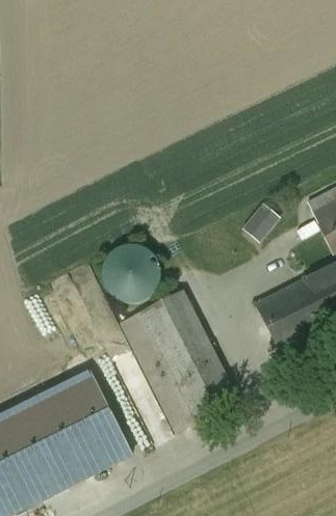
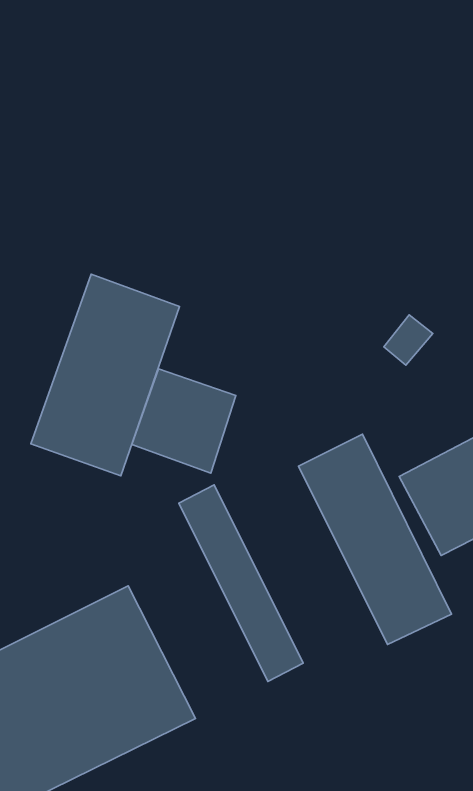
building: none -> [31,274,179,476]
building: [143,290,237,419] -> [298,434,452,645]

